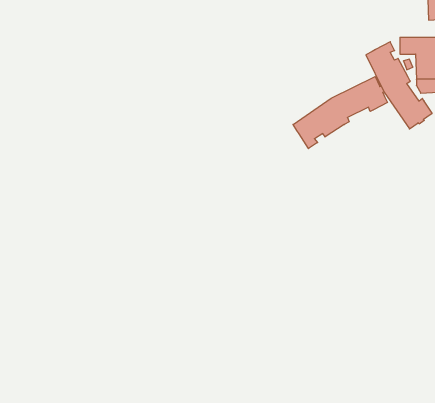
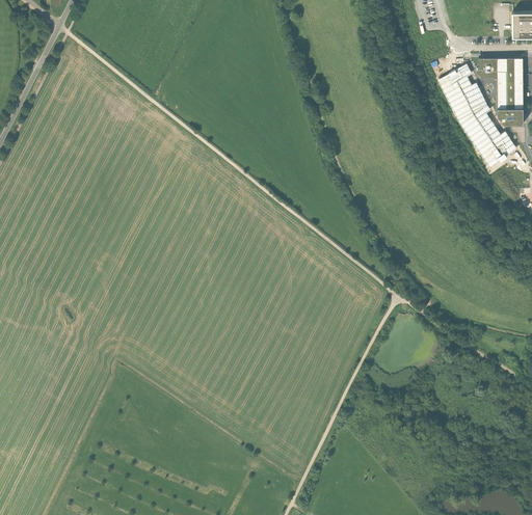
building: [293,77,387,149] -> none

